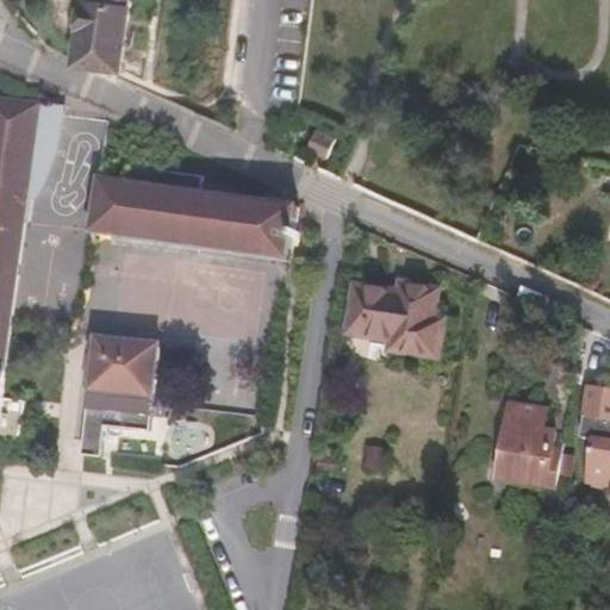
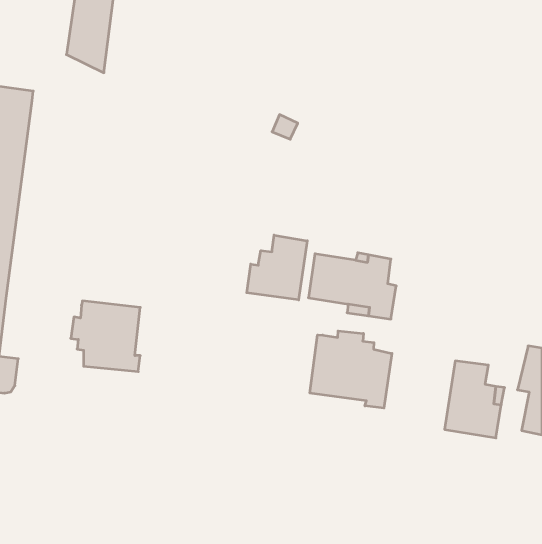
building: [88,163,294,260] -> none
building: none -> [247,235,307,300]
building: none -> [310,331,392,408]

